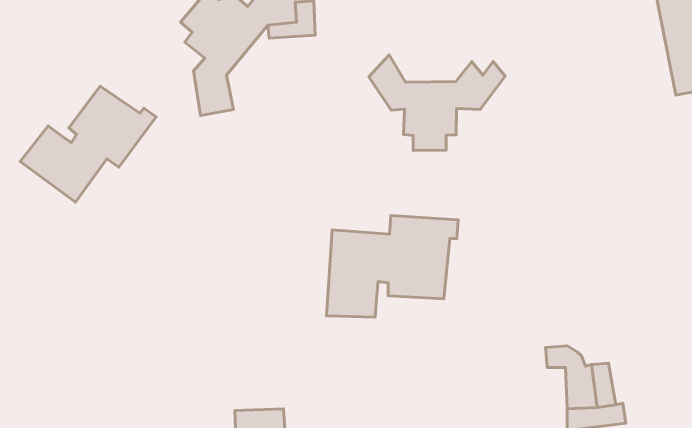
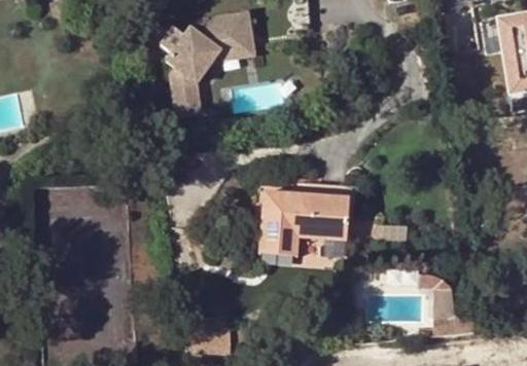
building: [369,55,505,150] -> none
building: [20,86,156,202] -> none

